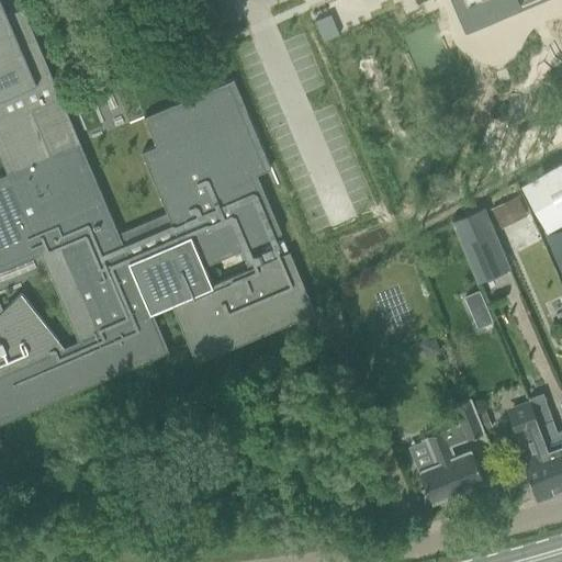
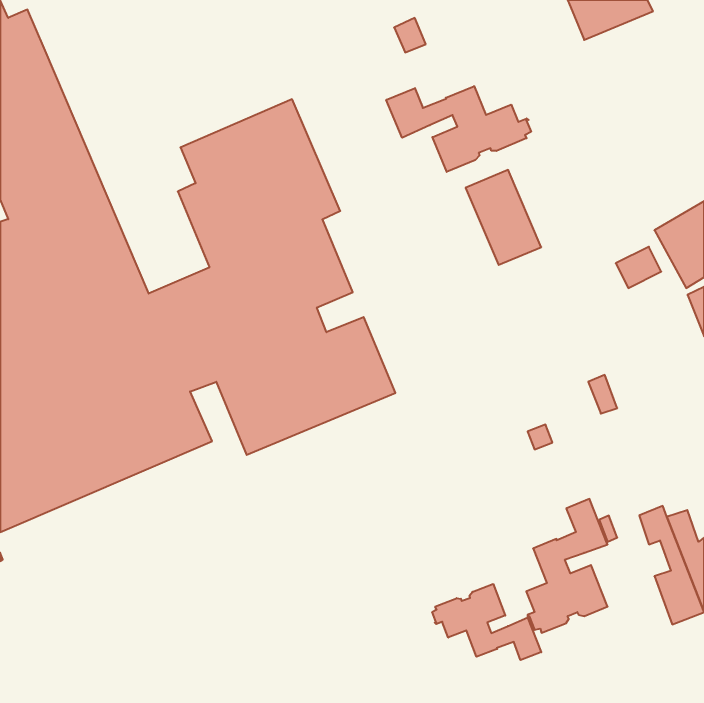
building: none -> [386,86,531,172]
building: [450,209,510,284] -> [466,170,541,265]
building: none -> [432,584,541,660]

